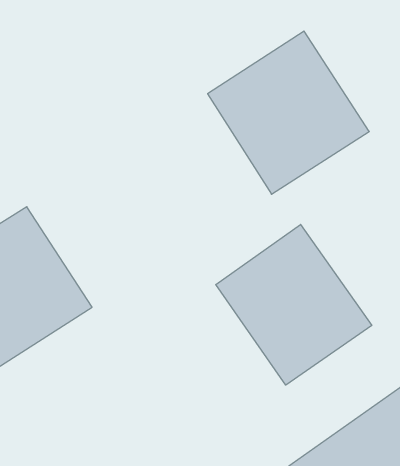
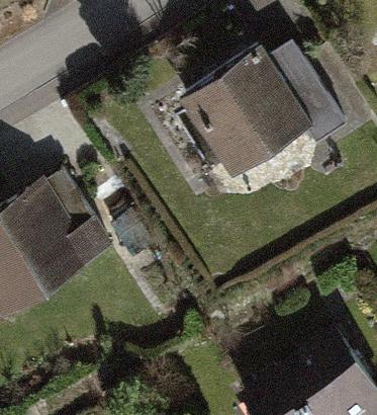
building: [216,224,372,385] -> none

